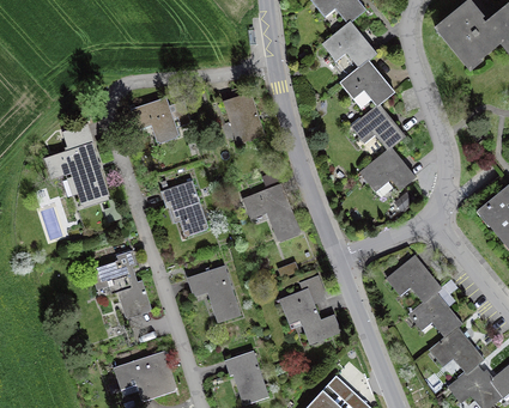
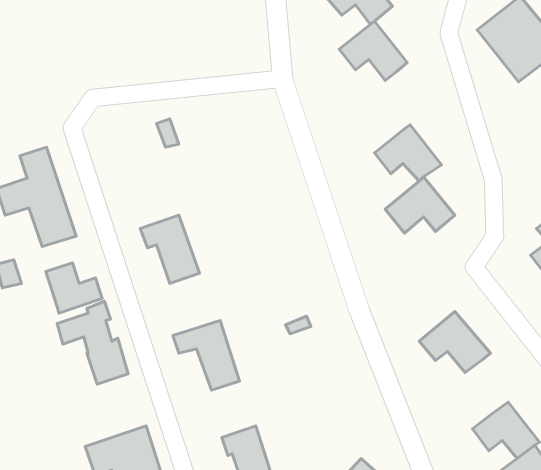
building: [340,62,393,108] -> none
building: [222,95,263,146] -> none
building: [134,96,178,140] -> none
building: [241,184,301,243] -> none
building: none -> [46,263,102,313]
building: [278,273,340,341] -> none
building: [410,294,462,339] -> none

